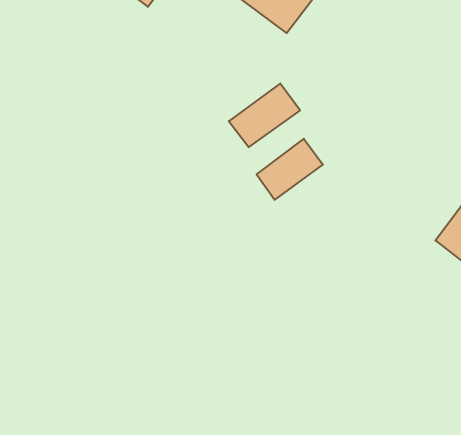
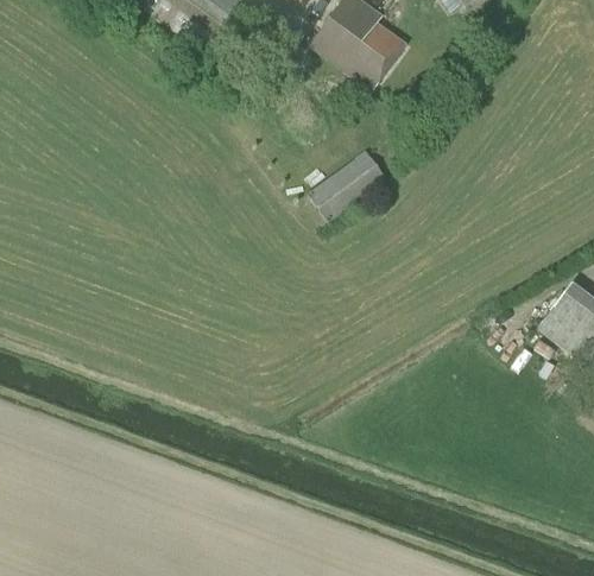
building: [257,139,323,200] -> none

